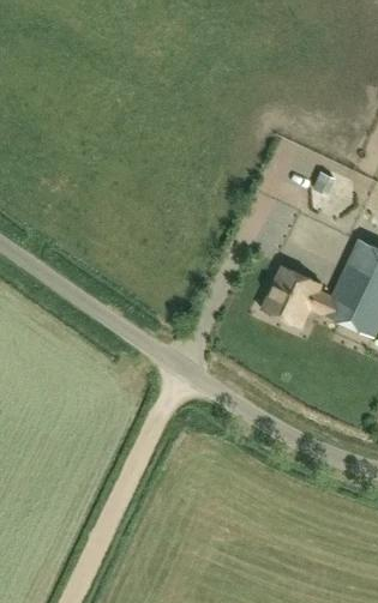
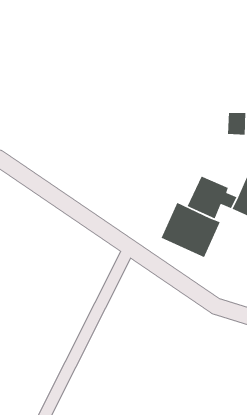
building: none -> [160,202,221,258]

